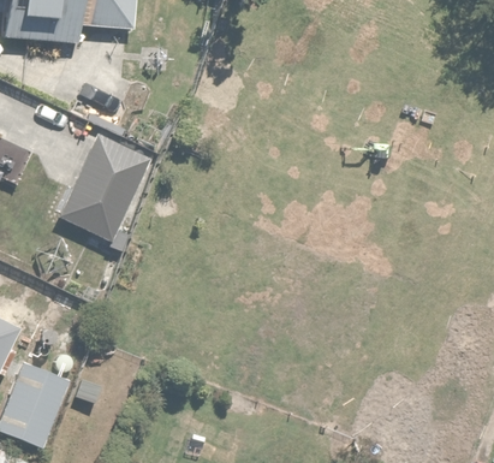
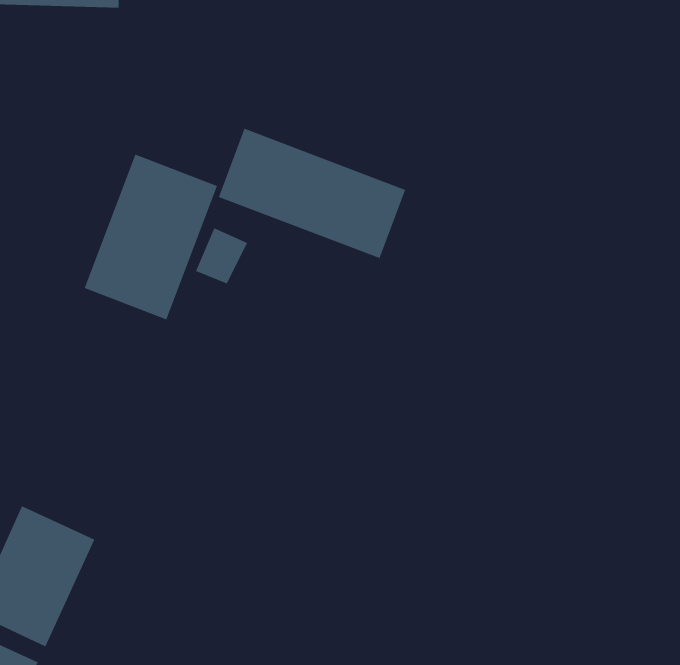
building: none -> [218,128,406,259]

